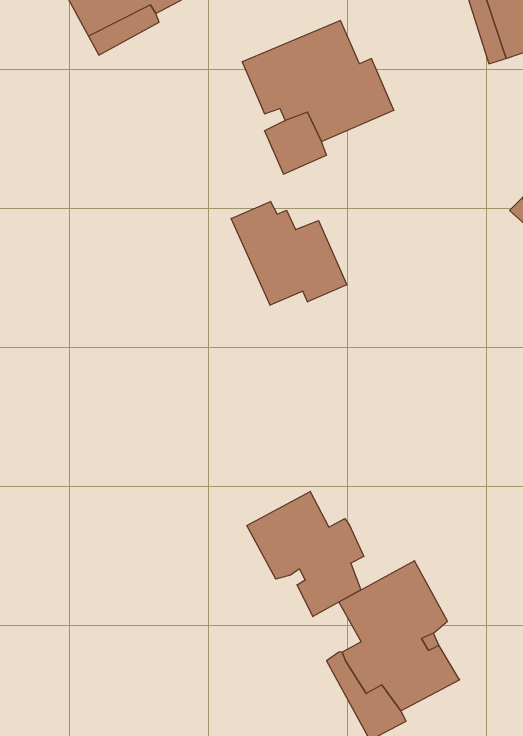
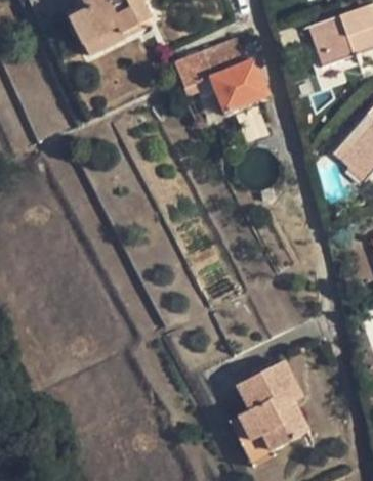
building: [231,201,347,305] -> none
building: [247,491,364,617] -> none

